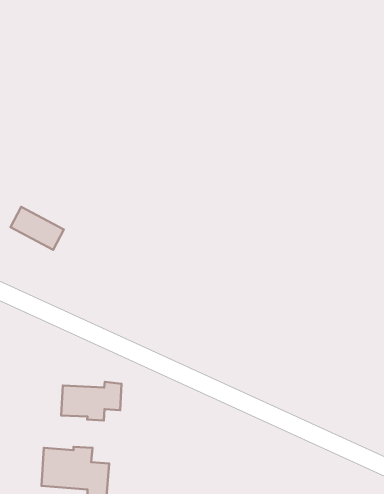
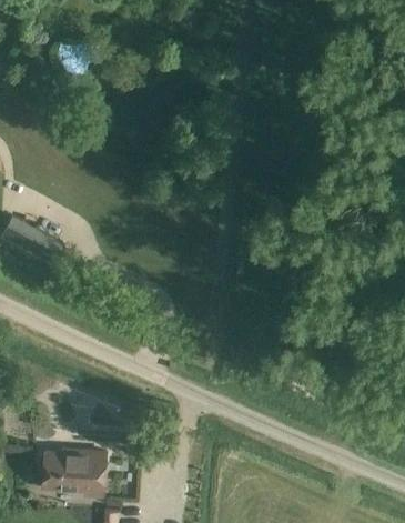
building: [61,382,122,420] -> none

